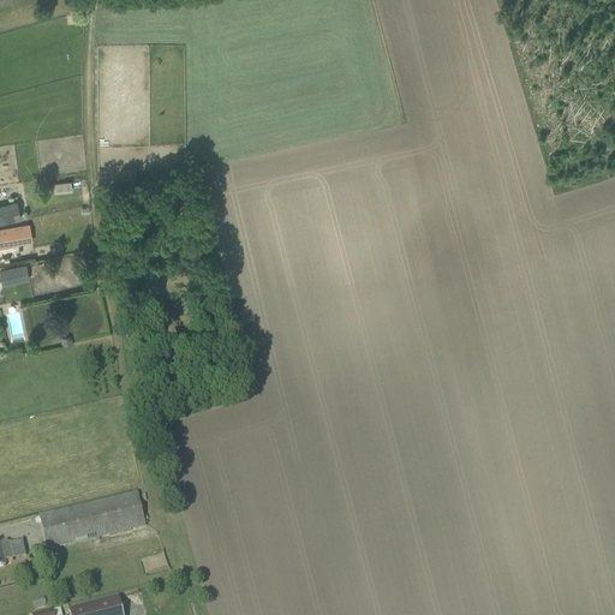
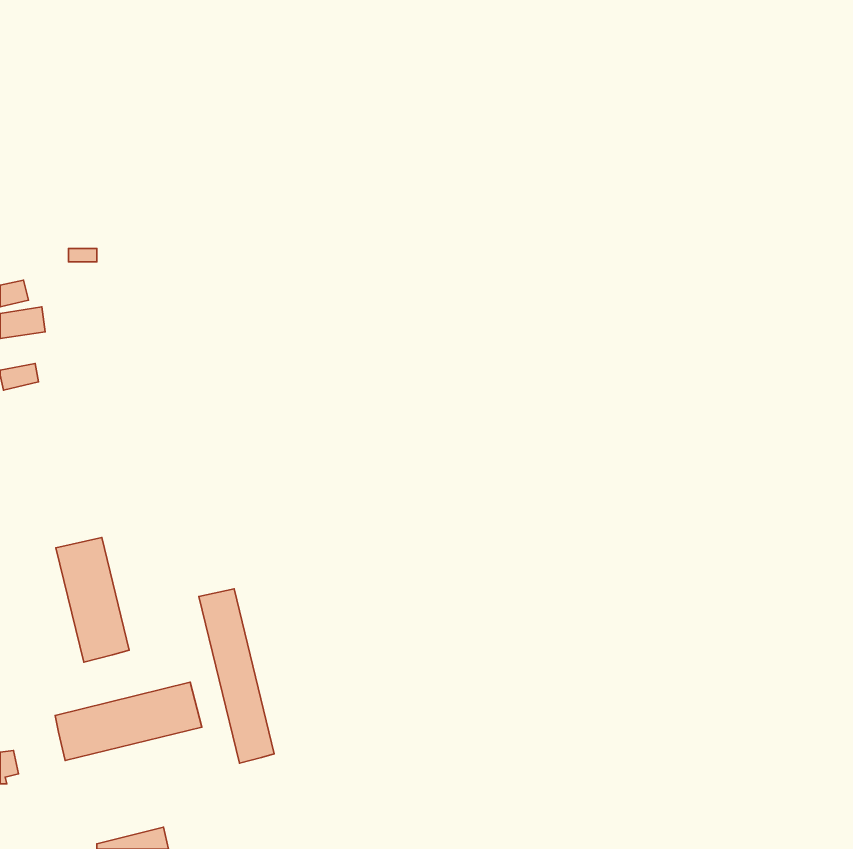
building: none -> [56,537,129,662]
building: none -> [199,589,274,763]

